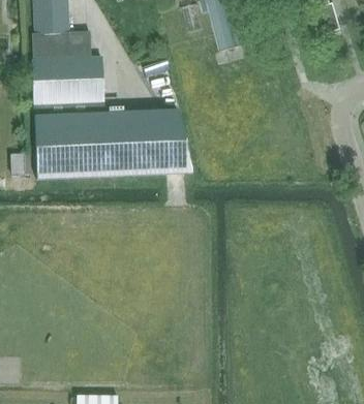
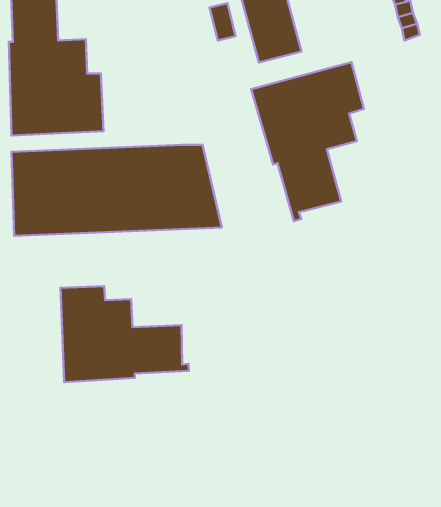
building: none -> [251,62,364,221]
building: none -> [60,286,189,382]

